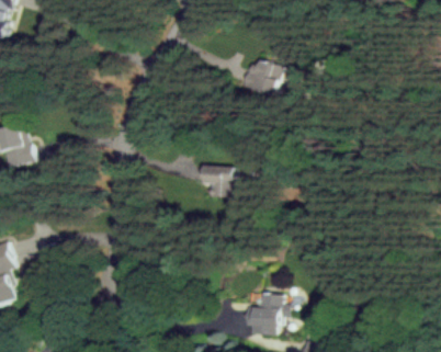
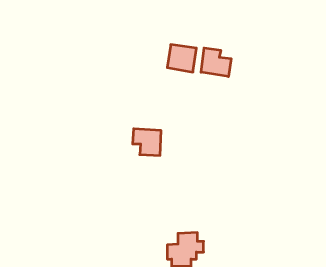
building: none -> [201,48,231,77]

